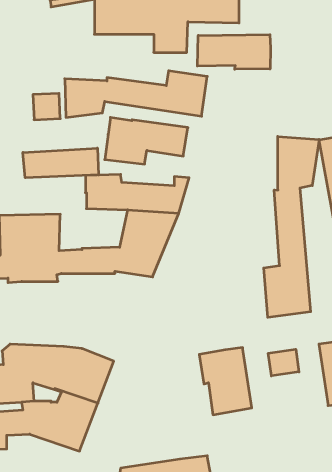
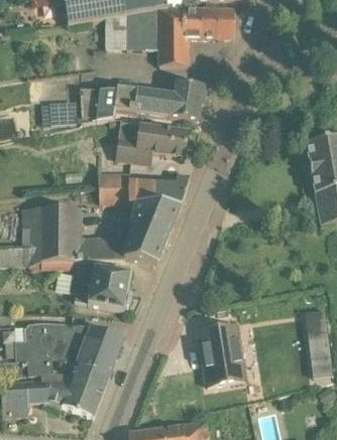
building: [197,35,271,69] -> none
building: [264,136,319,317] -> none
building: [23,148,99,178] -> none
building: none -> [75,266,130,310]
building: [268,349,299,376] -> none

